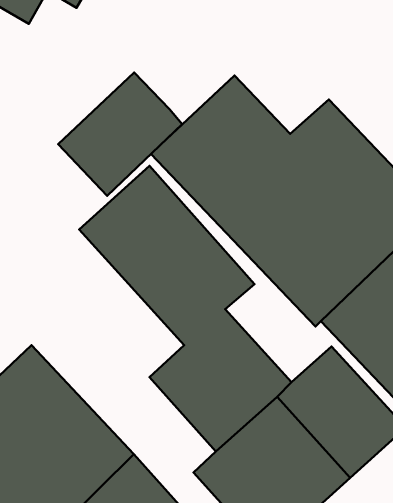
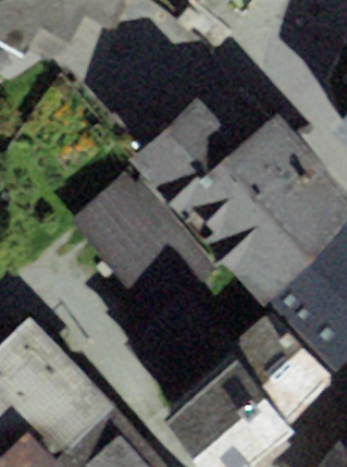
building: [58,73,182,196] -> none

